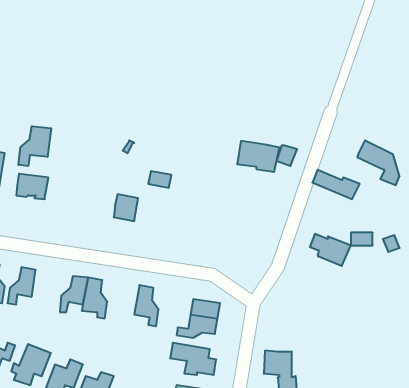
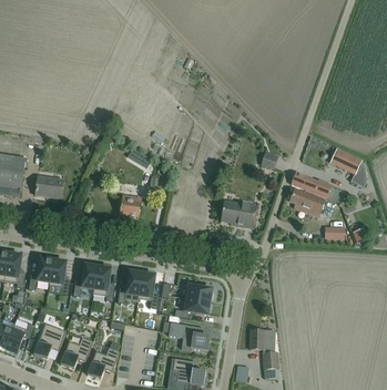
building: [18,126,51,166] -> none
building: [237,141,279,172] -> [221,201,257,227]
building: [310,234,351,266] -> [289,188,325,216]
building: none -> [49,258,70,294]
building: none -> [116,270,142,302]

